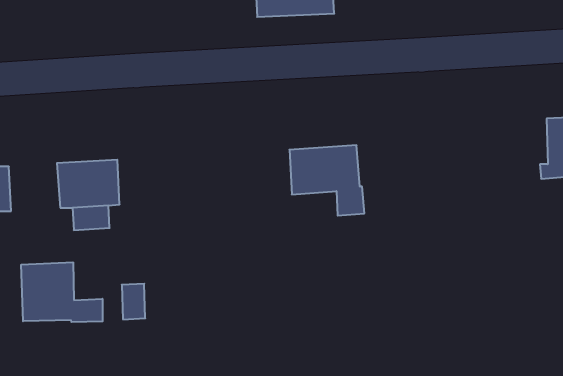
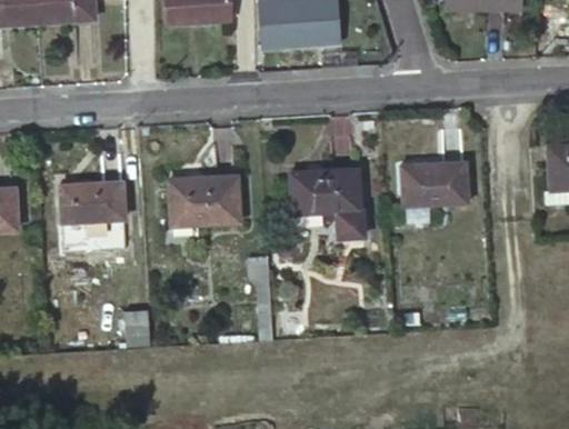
building: none -> [402,163,469,211]
building: none -> [170,176,241,225]
building: [21,262,103,322] -> none

